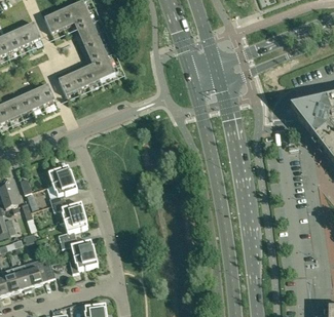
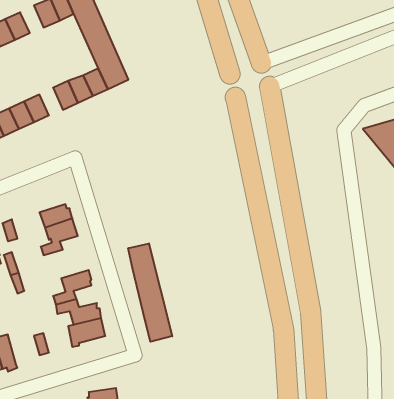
building: none -> [128,243,172,342]
building: [51,199,85,221] -> none
building: [25,257,46,285] -> none

